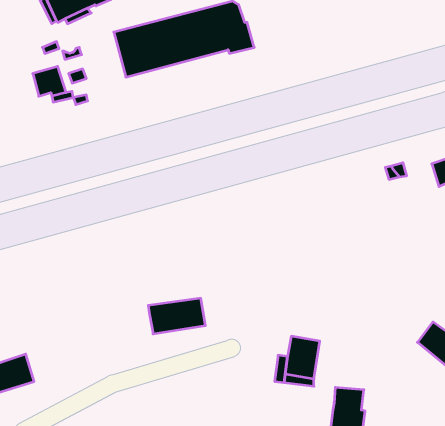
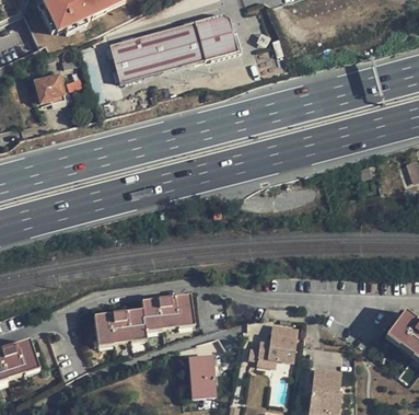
building: none -> [94,303,147,335]
building: none -> [190,355,216,397]

